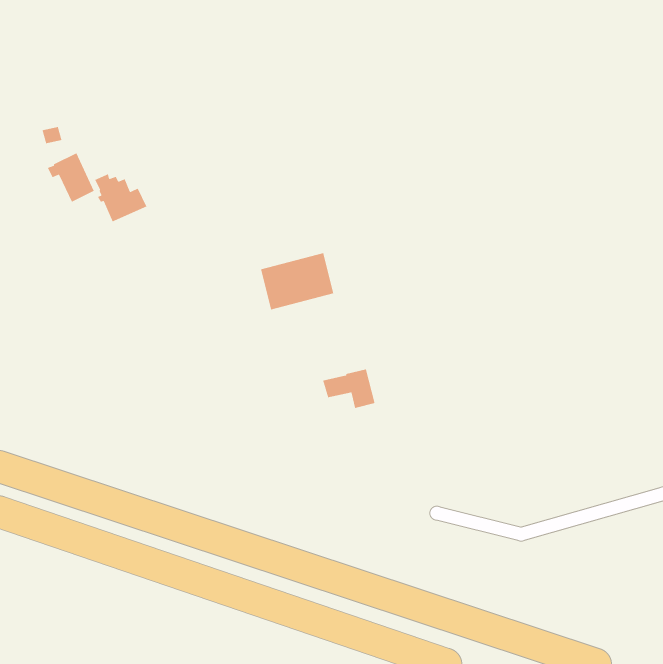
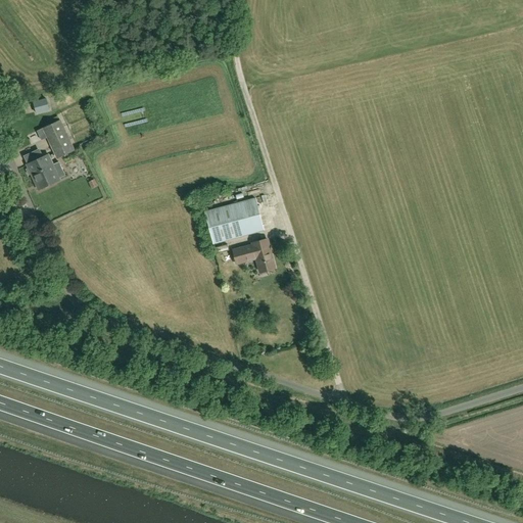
building: [94,173,147,222] -> [23,151,65,190]
building: [322,368,375,409] -> [233,240,275,272]

